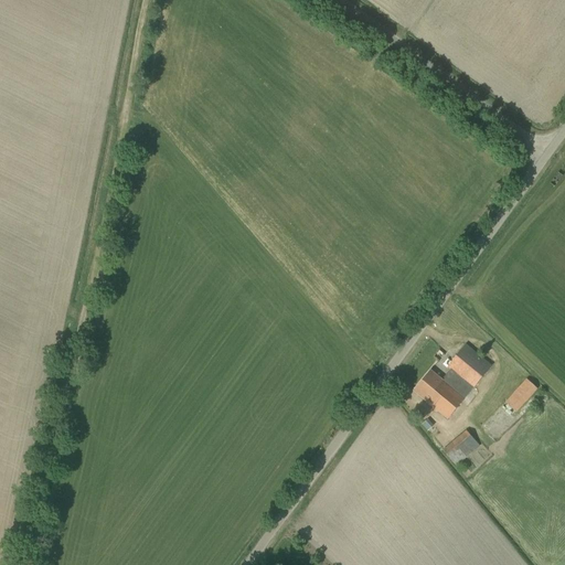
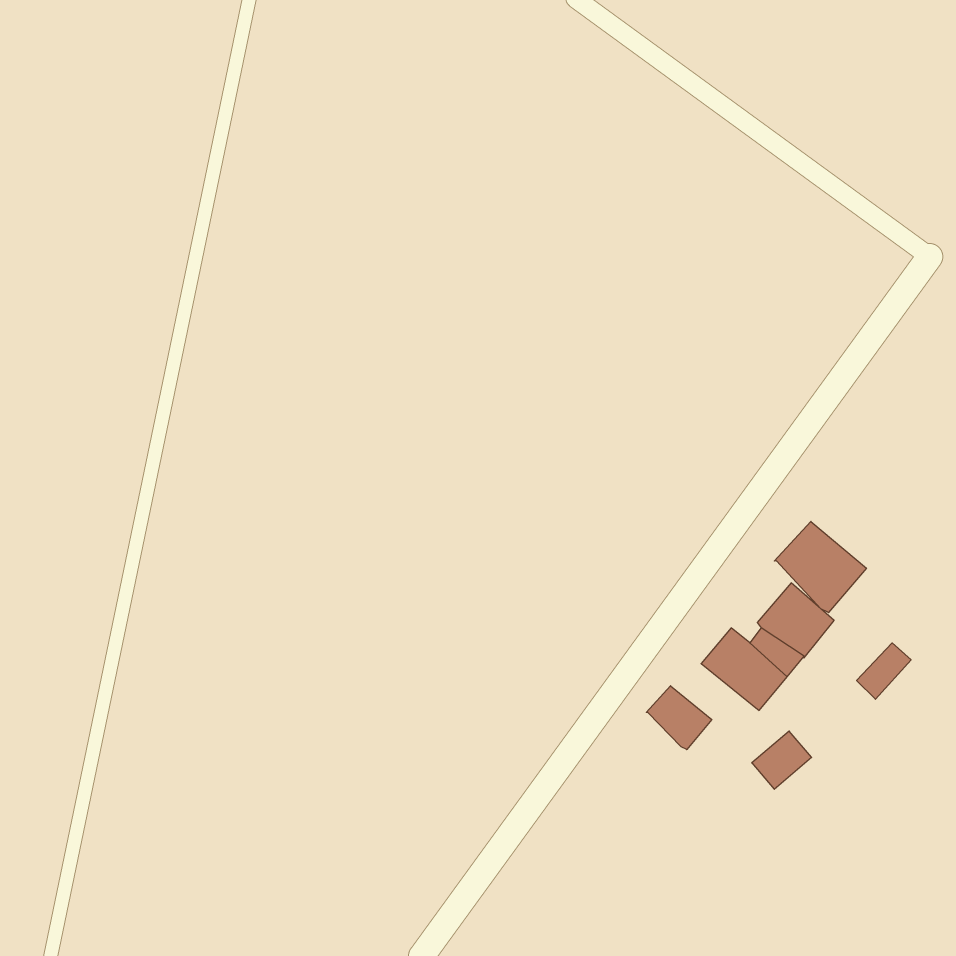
building: none -> [774,521,866,613]
building: none -> [646,686,712,750]

